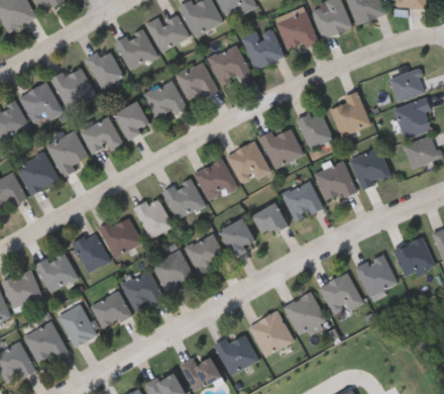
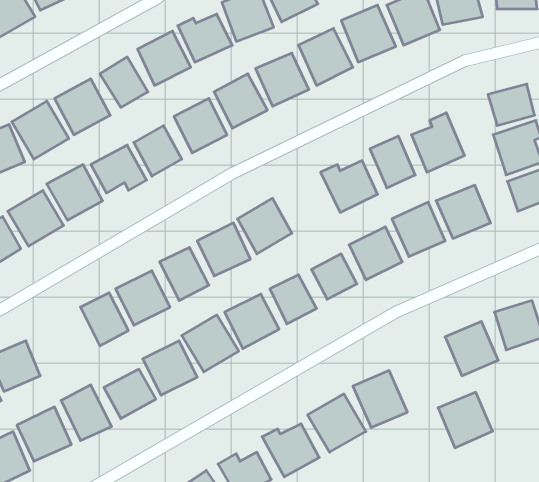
building: [229,141,271,181] -> none
building: [34,250,78,292] -> none
building: [320,273,362,316] -> [438,392,493,448]

